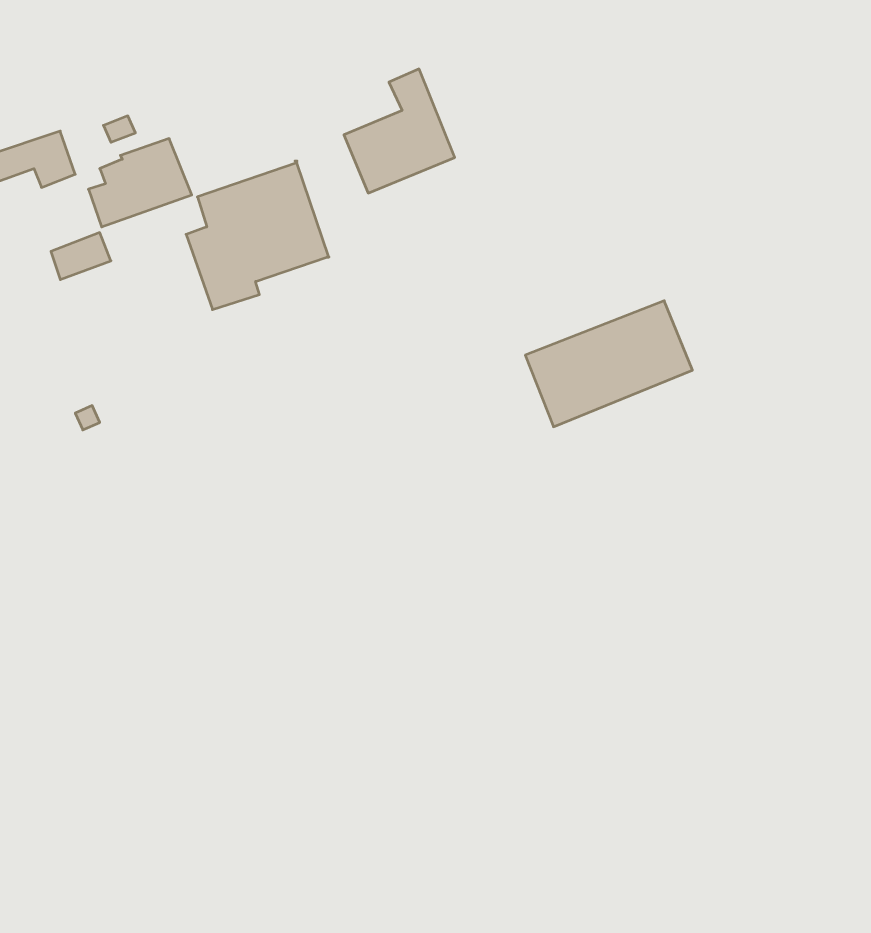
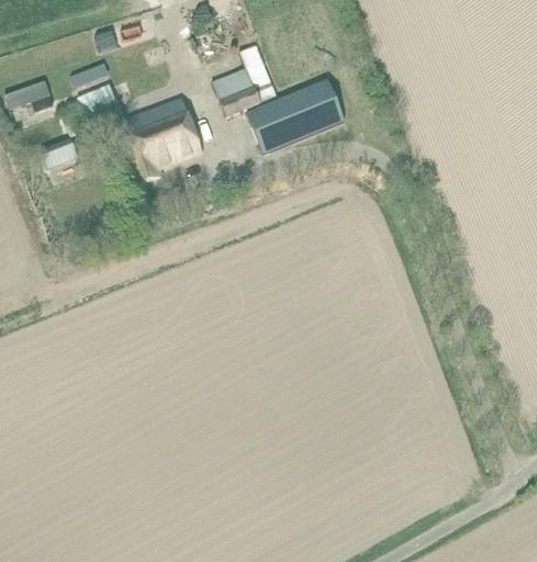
building: [525,301,692,427] -> [246,79,344,153]

